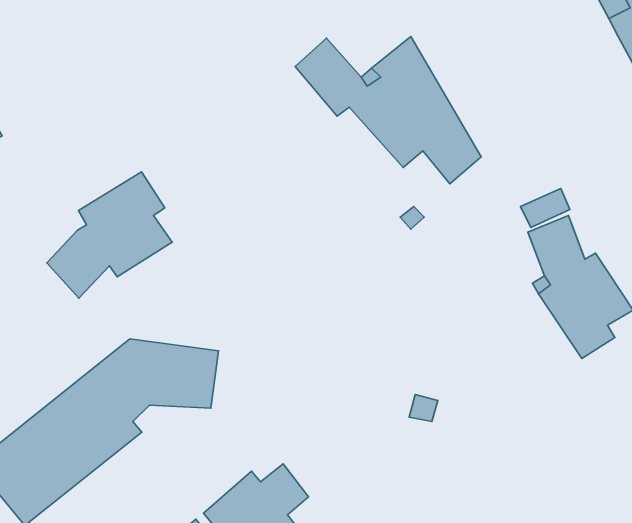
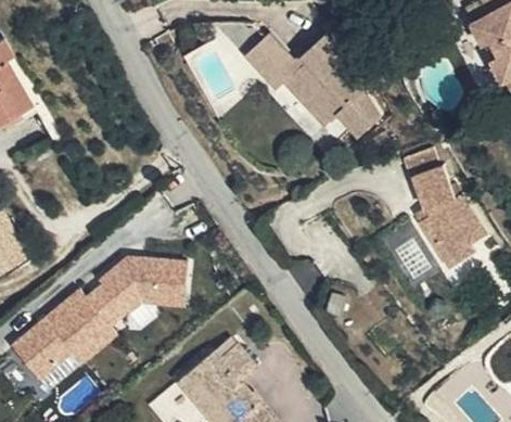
building: [47,172,172,298] -> none

